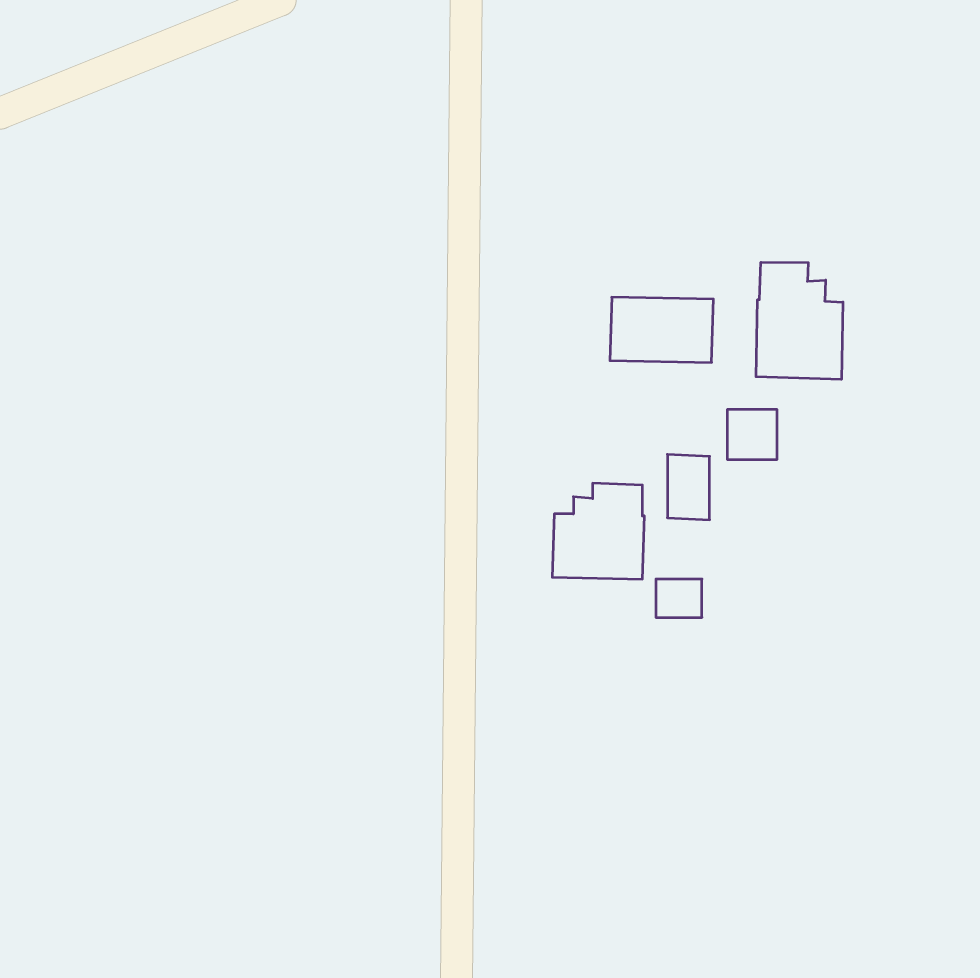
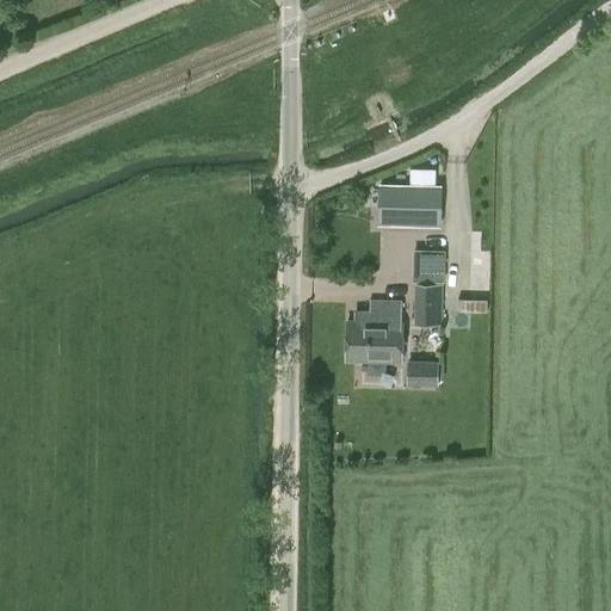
building: [756,262,843,379] -> none
building: [727,410,777,459] -> [414,252,445,283]

